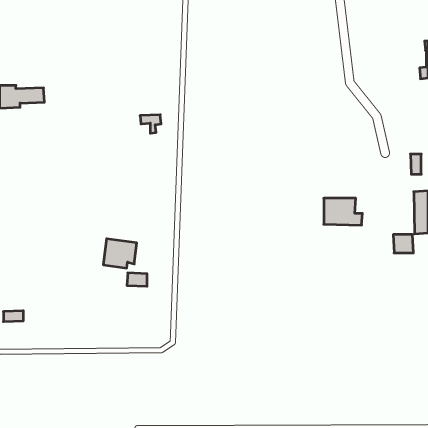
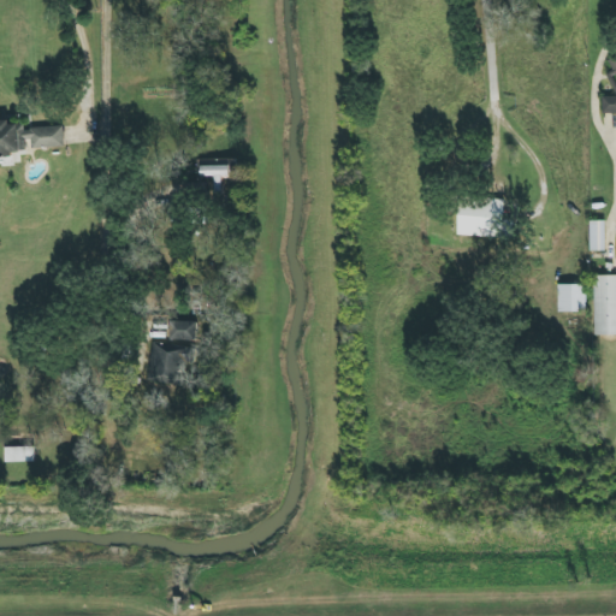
building: [324,198,362,225] -> [458,199,514,237]
building: [393,235,413,253] -> [557,285,586,312]
building: [127,273,147,286] -> [168,321,197,340]

